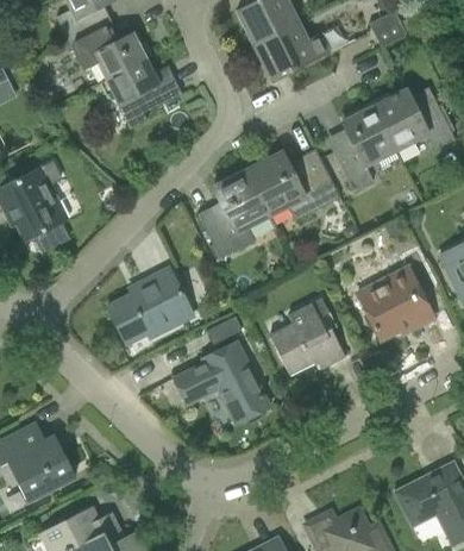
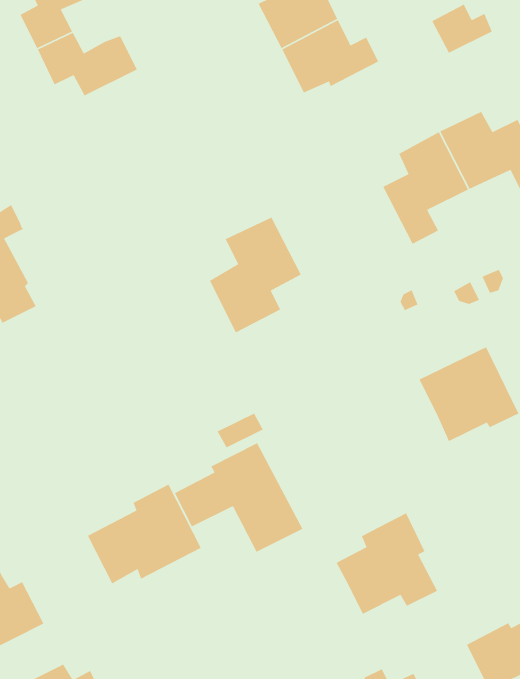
building: [106,58,182,129] -> none
building: [247,148,340,219] -> none
building: [107,267,194,343] -> [87,483,202,584]
building: [269,296,346,374] -> [336,512,438,615]

